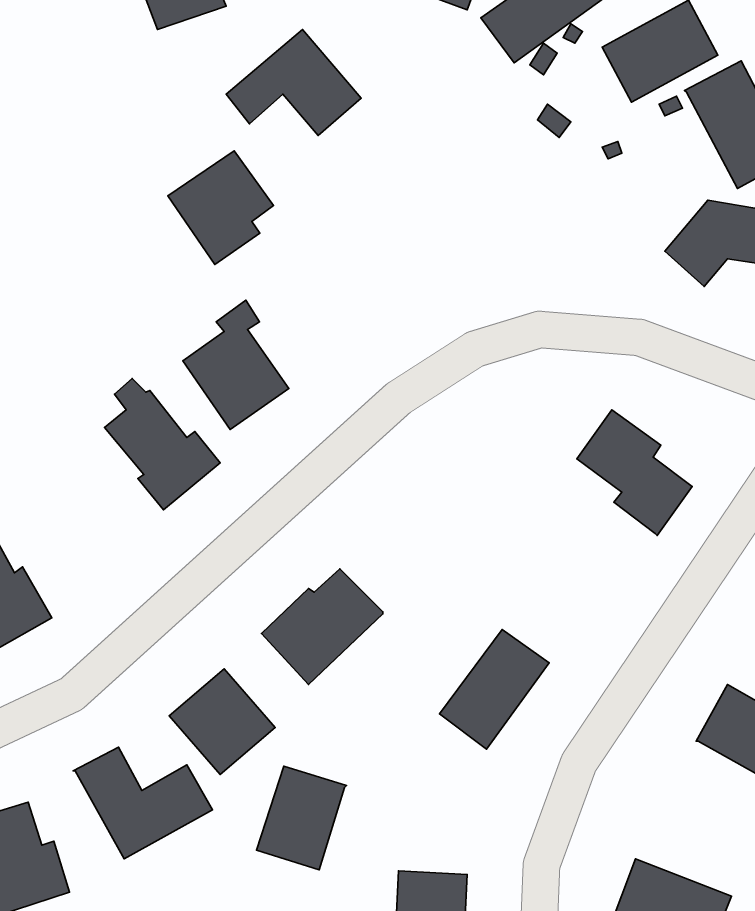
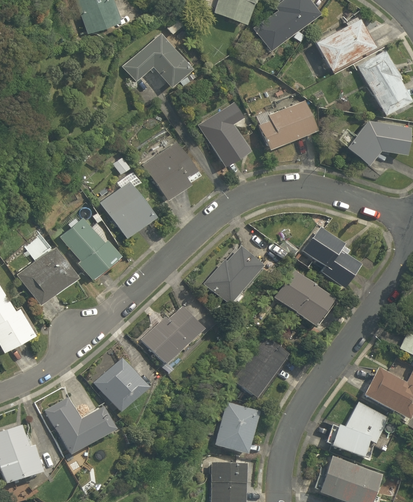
building: [168,151,273,264] -> [143,142,197,200]
building: none -> [259,100,316,149]
building: none -> [199,102,249,166]
building: none -> [17,246,77,303]
building: none -> [204,248,263,306]
building: none -> [274,271,334,328]
building: none -> [331,405,388,460]
building: [256,766,347,870] -> [214,402,260,455]

